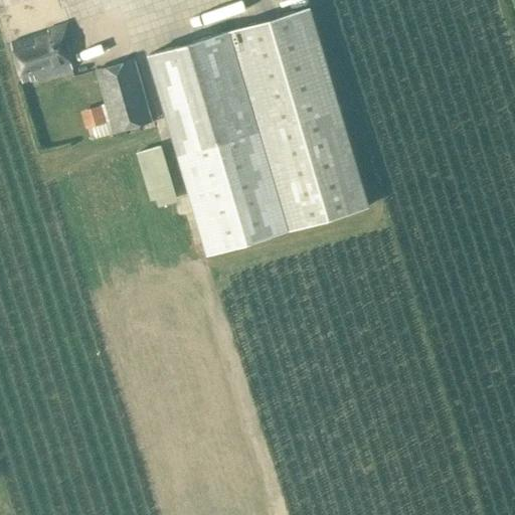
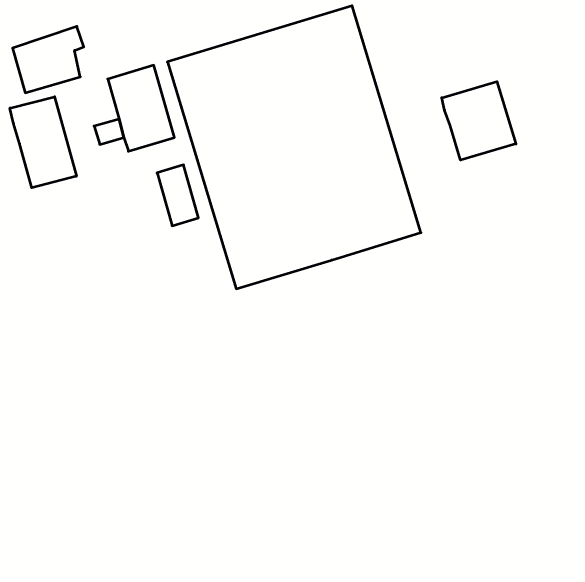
building: none -> [442,82,516,160]
building: none -> [10,97,76,188]

